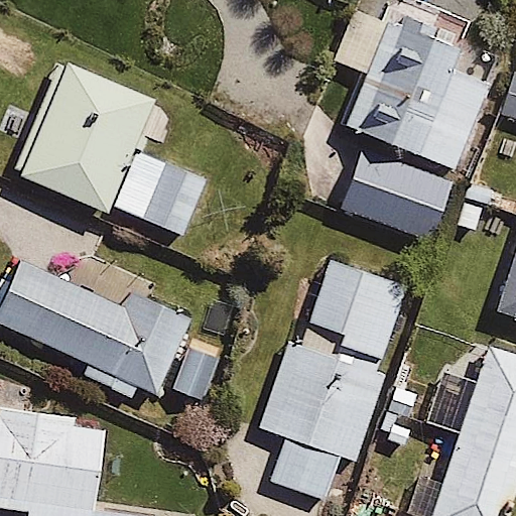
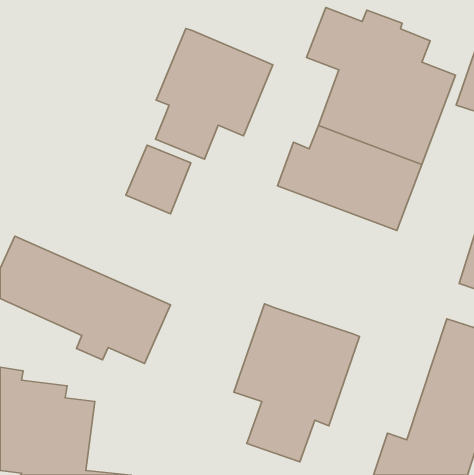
building: none -> [156,28,273,159]
building: [8,54,159,216] -> none
building: [299,253,411,362] -> none

